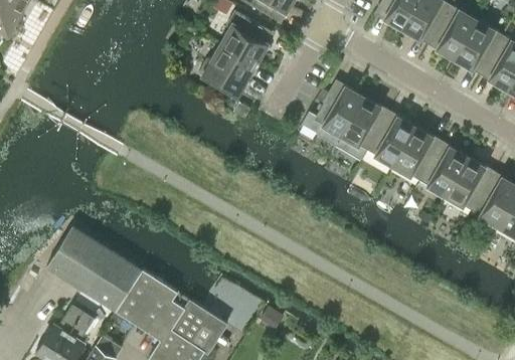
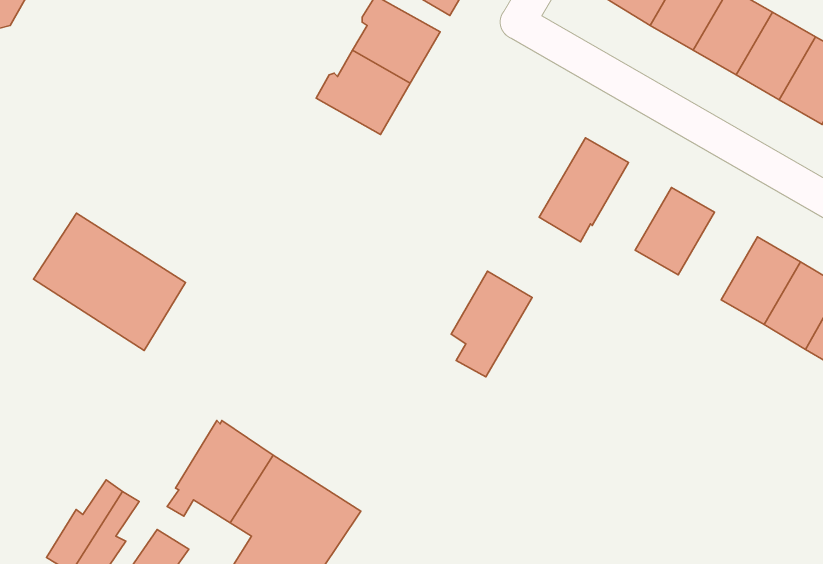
building: [314,81,363,146] -> [451,271,532,377]
building: [367,113,415,166] -> none
building: [419,143,468,196] -> none
building: [46,227,139,311] -> [33,213,186,350]

